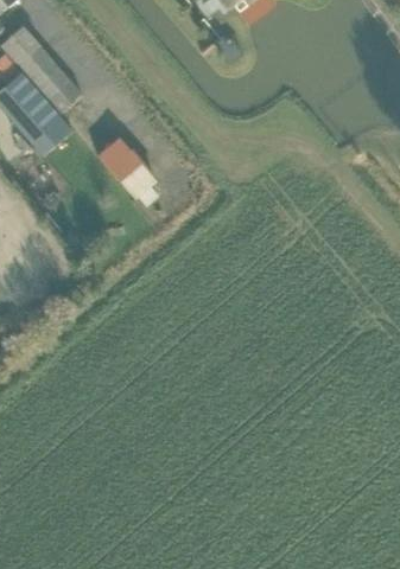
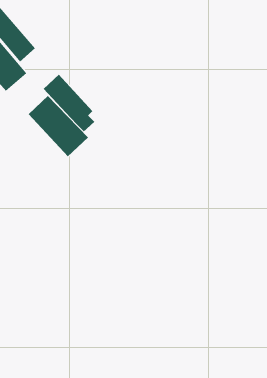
building: none -> [28,95,89,157]

